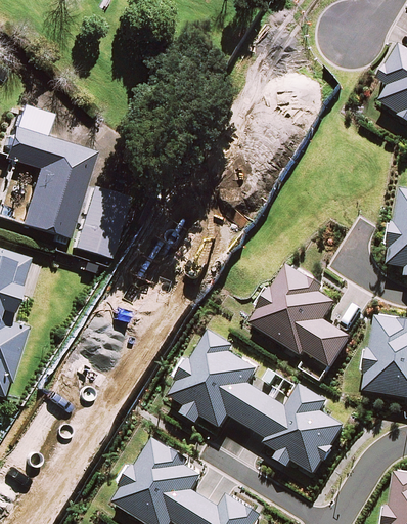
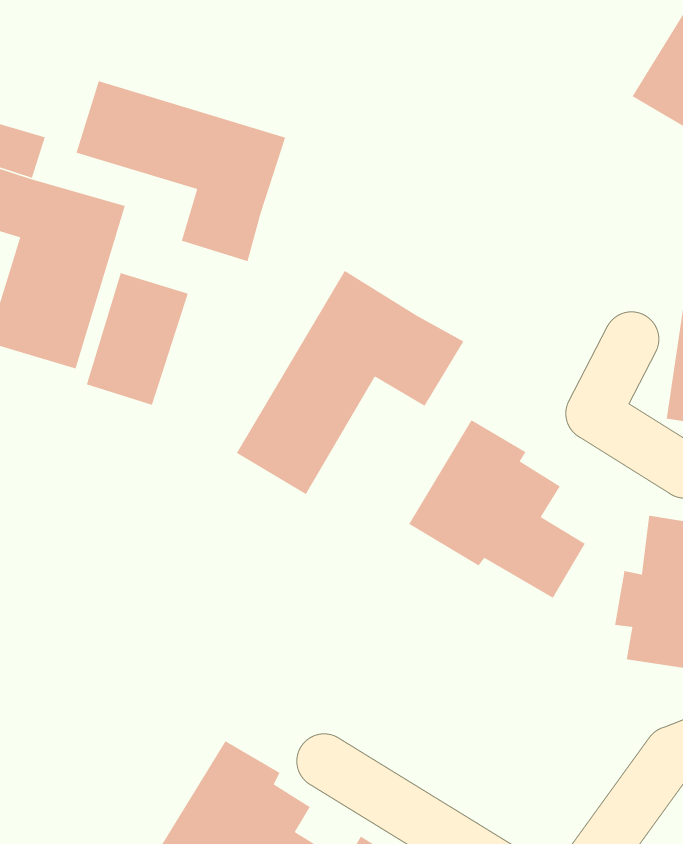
building: none -> [76,80,286,262]
building: none -> [236,270,464,495]
building: [166,330,338,481] -> none

